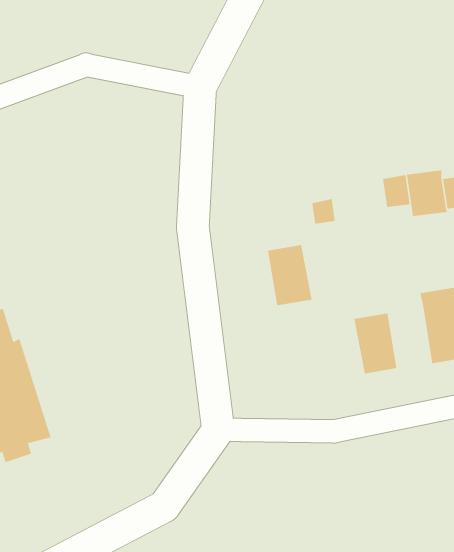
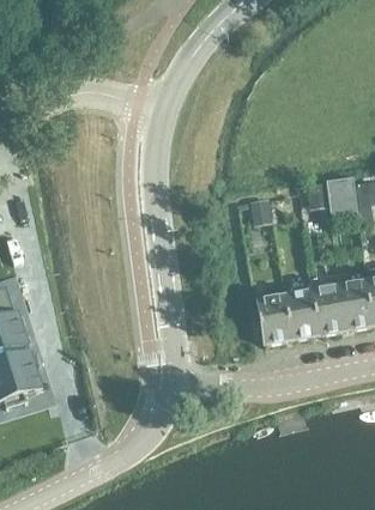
building: [267,244,312,306] -> [256,295,292,344]
building: none -> [312,285,346,334]

